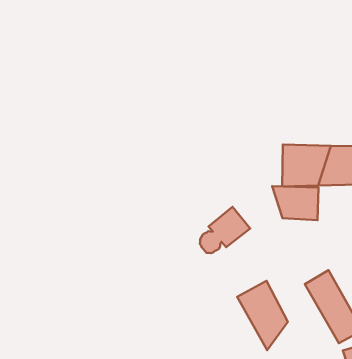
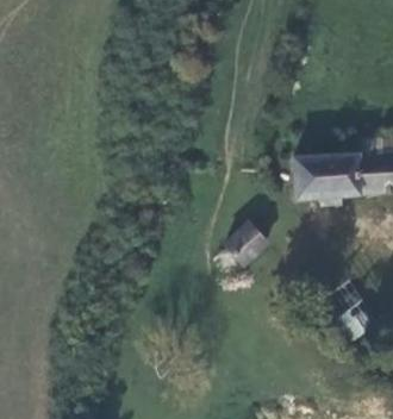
building: [272,186,319,220] -> none
building: [237,281,288,350] -> none

